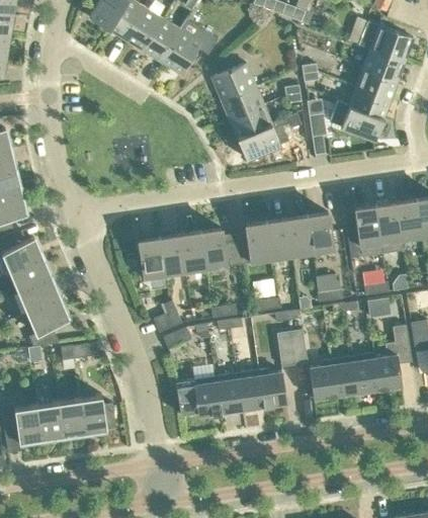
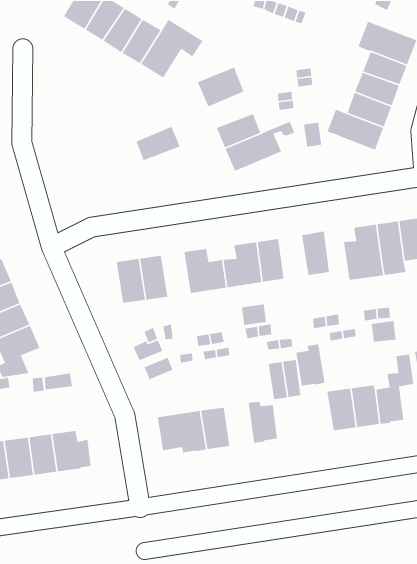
building: [222,86,263,118] -> [135,126,181,161]
building: [286,217,313,257] -> none
building: [179,232,205,273] -> none
building: [309,359,336,399] -> [296,343,325,387]
building: [237,369,263,410] -> none

